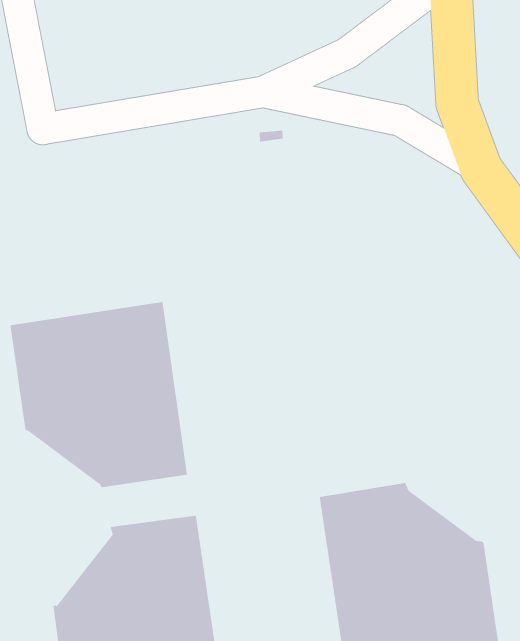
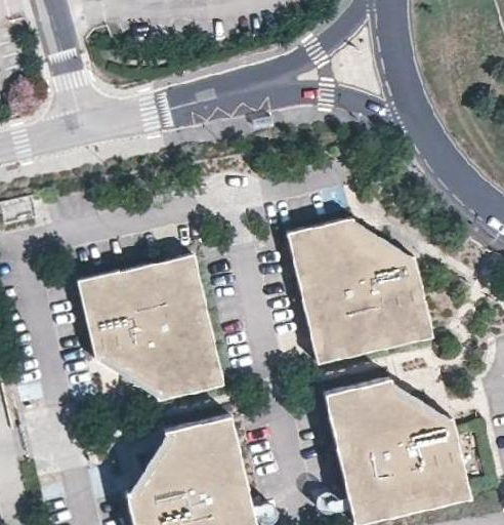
building: none -> [287,216,434,364]

